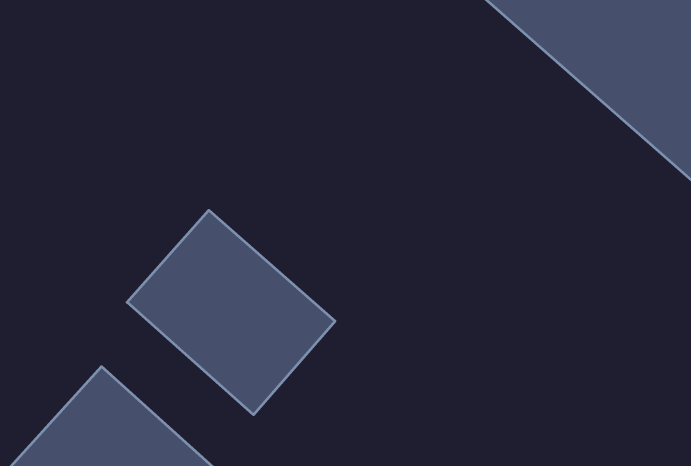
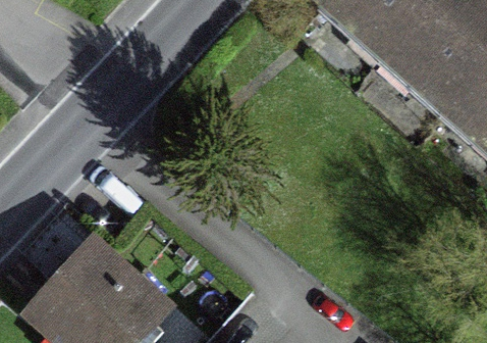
building: [127,210,335,415] -> none

